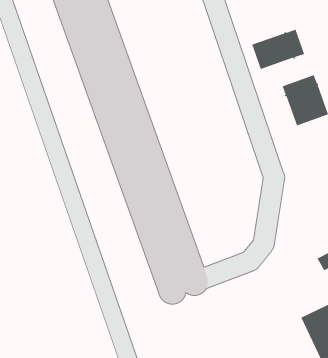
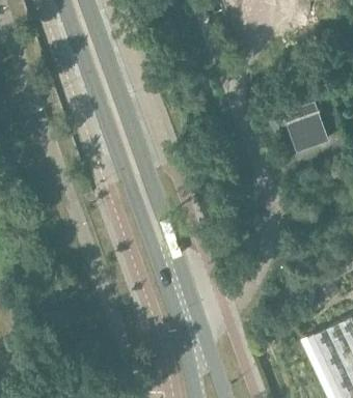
building: [252,29,305,70] -> none

